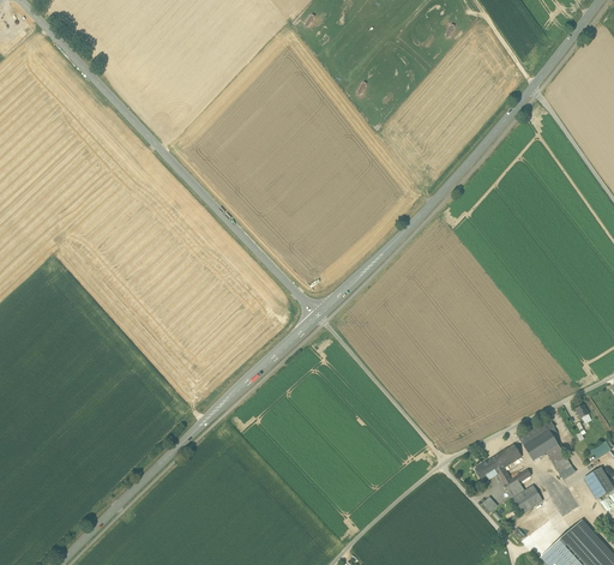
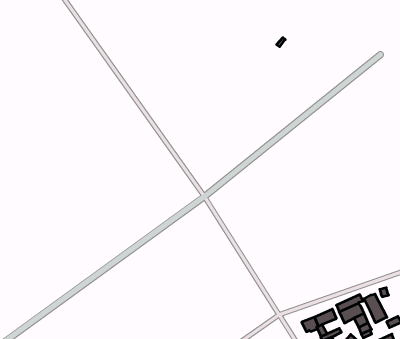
building: none -> [364,294,387,323]

